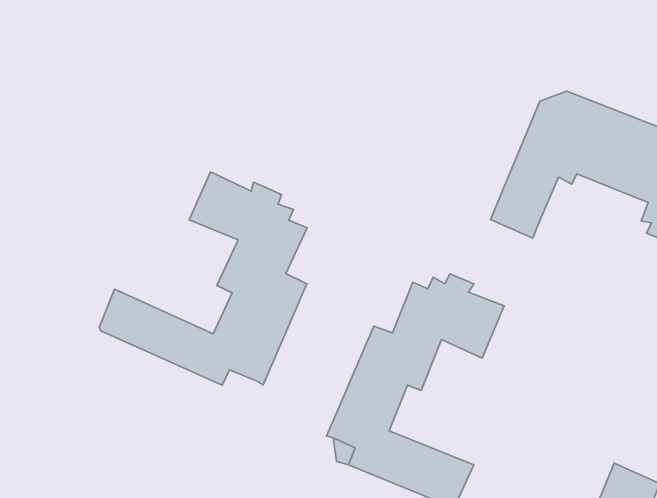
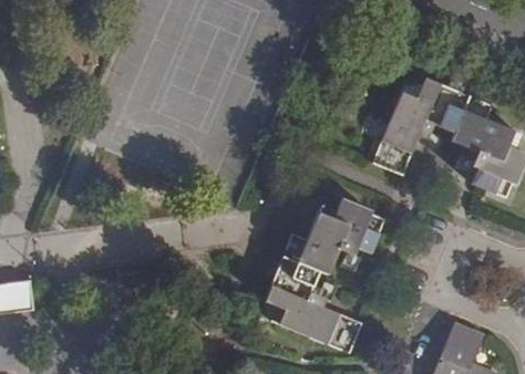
building: [99,172,307,385] -> none

